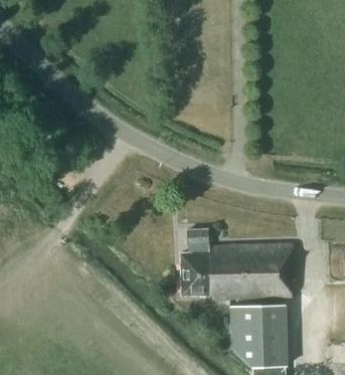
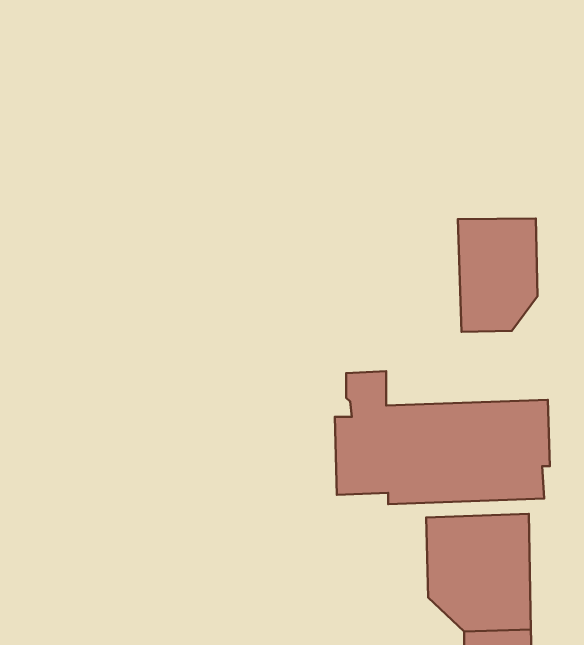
building: none -> [458,219,538,332]

